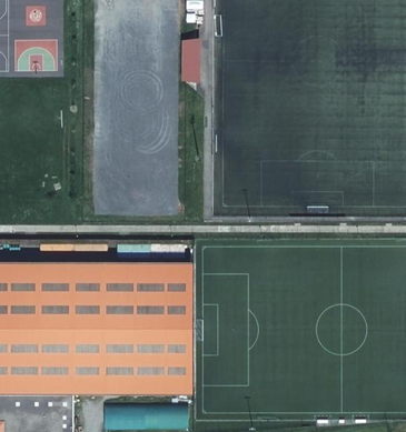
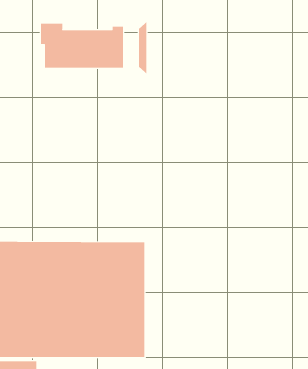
building: none -> [41,23,124,69]

